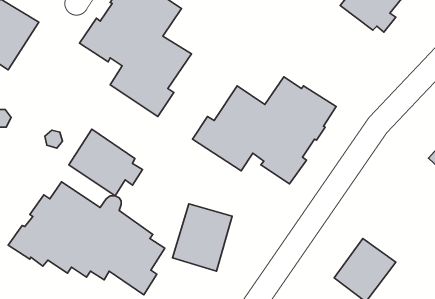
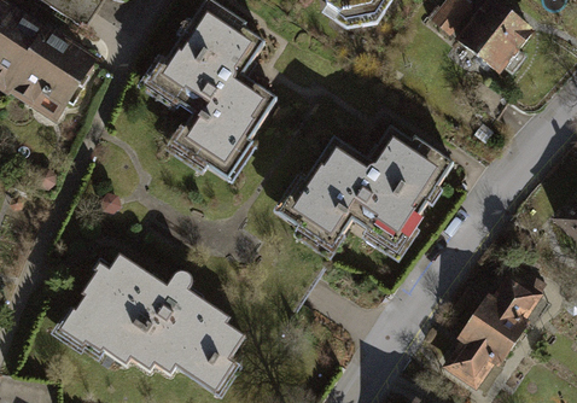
building: [69,129,143,196] -> none
building: none -> [484,278,550,351]
building: [172,204,232,271] -> none

